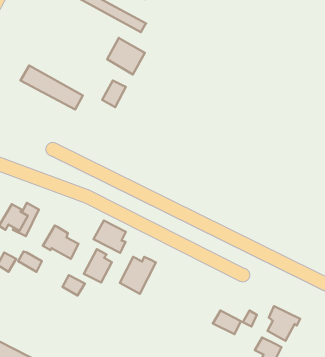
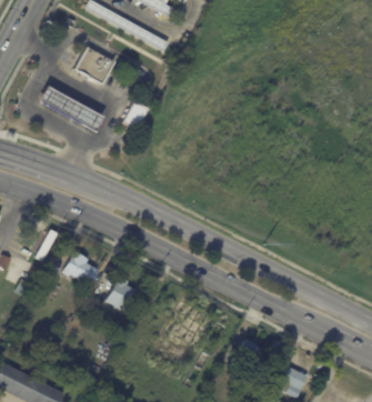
building: [107,38,145,74] -> [76,46,114,83]
building: [94,220,126,253] -> none
building: [120,257,156,294] -> none
building: [267,306,300,341] -> none

